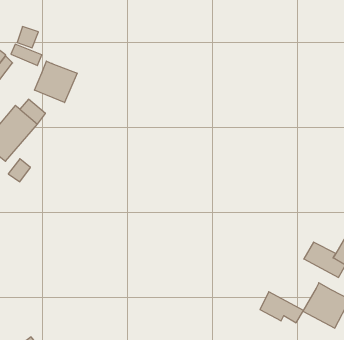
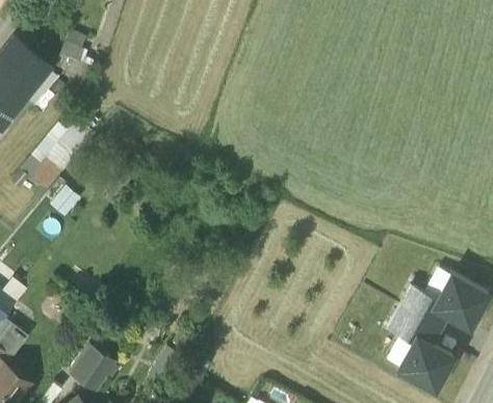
building: [35,61,77,103] -> none
building: none -> [69,342,116,389]
building: [260,292,303,323] -> [387,305,438,342]

